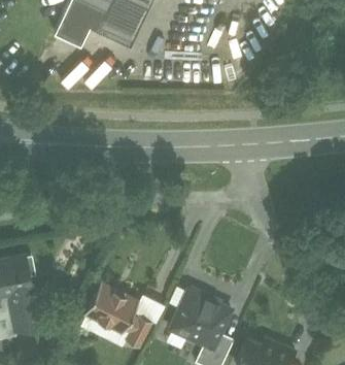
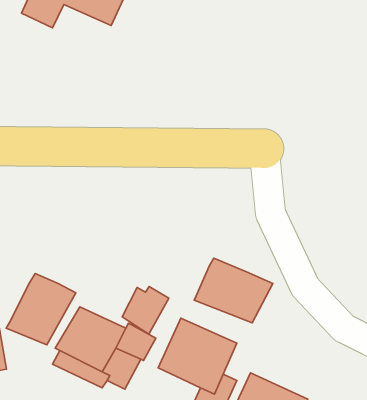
building: none -> [194,258,273,323]
building: none -> [6,273,76,345]
building: none -> [122,286,169,334]

